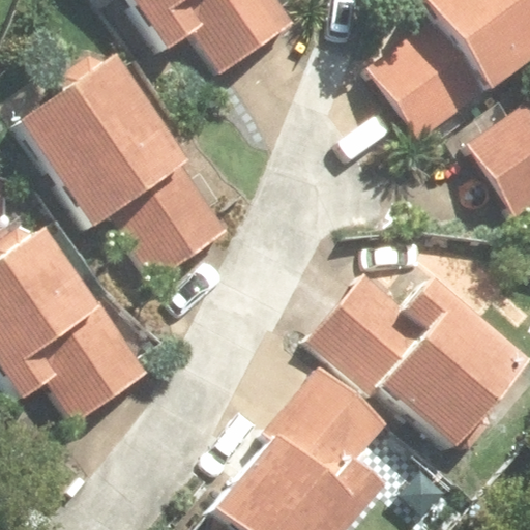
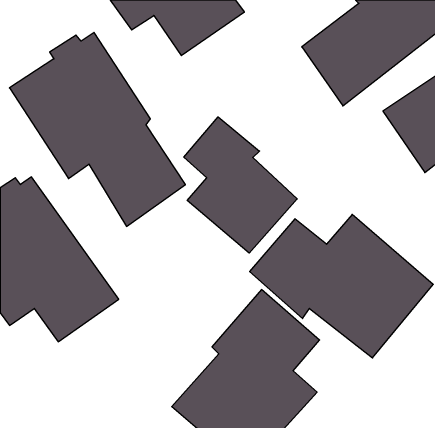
building: none -> [184,117,297,253]

